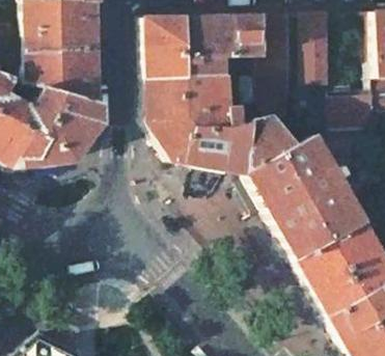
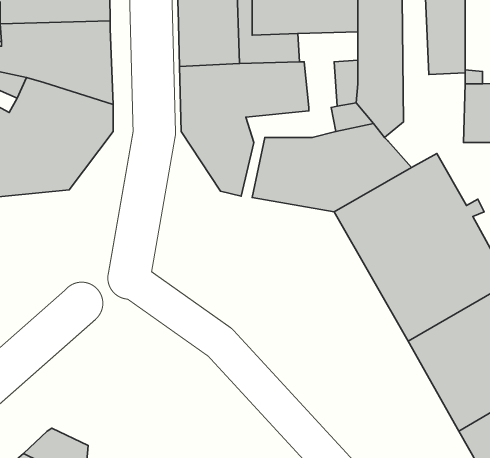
building: [185,108,231,165] -> none

